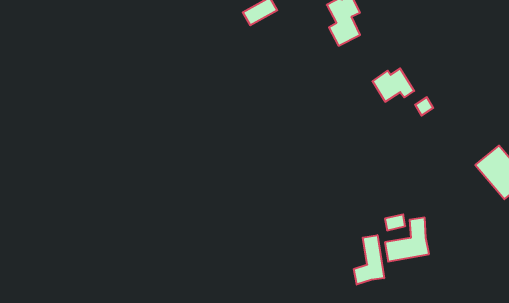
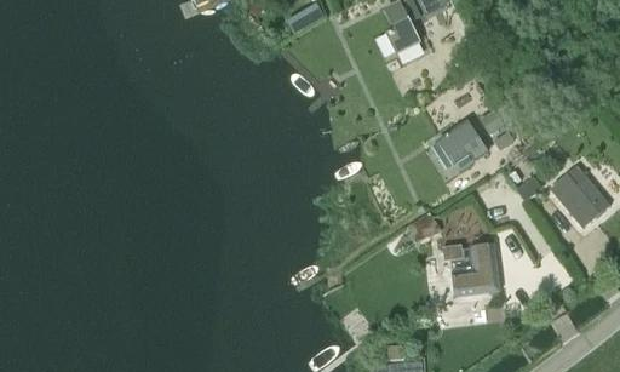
building: [372,68,414,102] -> [438,126,486,164]
building: [354,235,384,285] -> none

